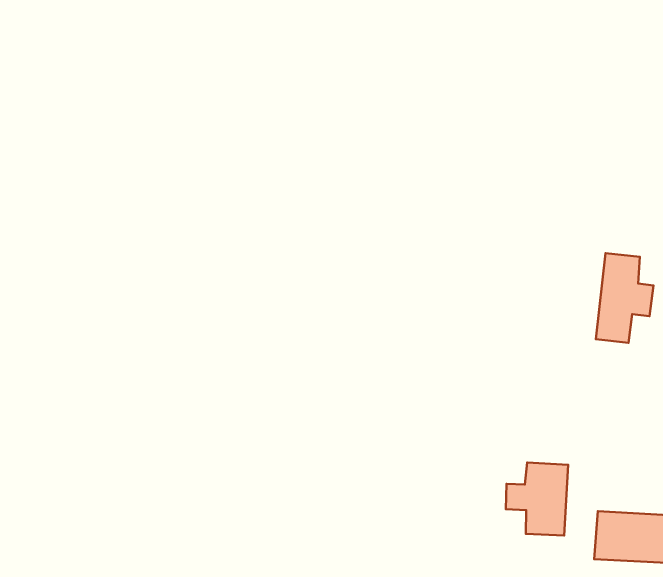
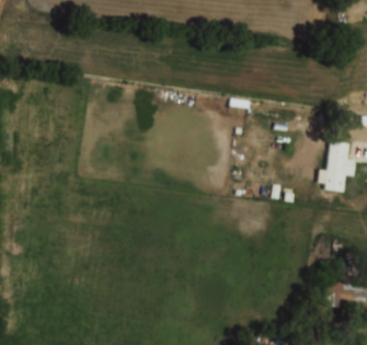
building: [506,463,568,536] -> none

